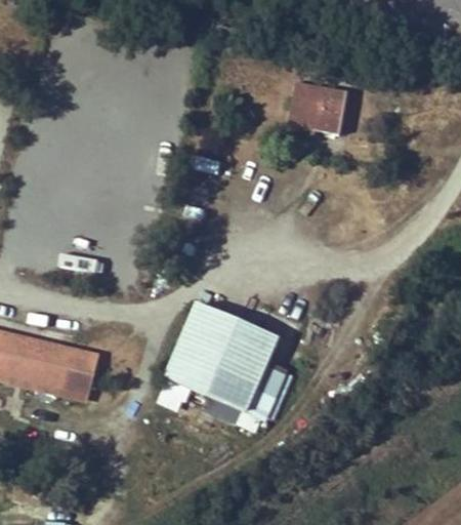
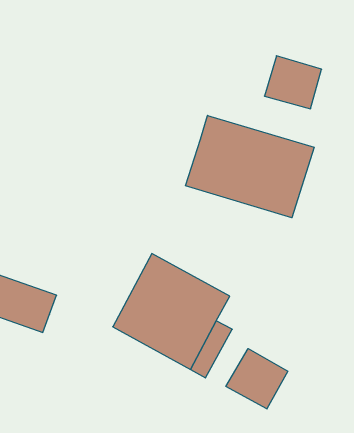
building: none -> [185,115,314,218]
building: none -> [226,349,288,409]

